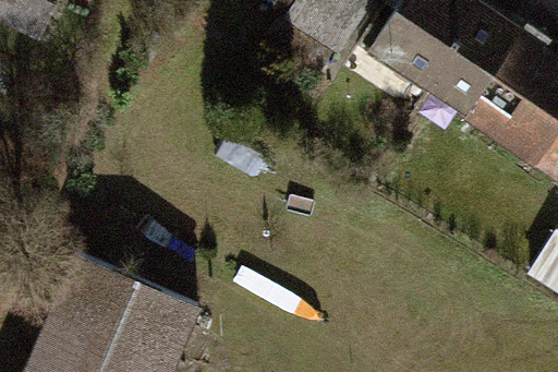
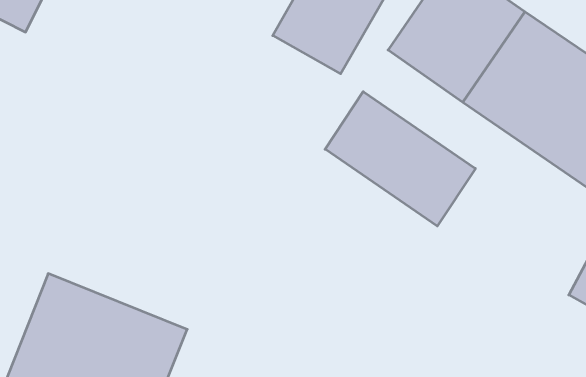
building: none -> [325,92,475,226]

